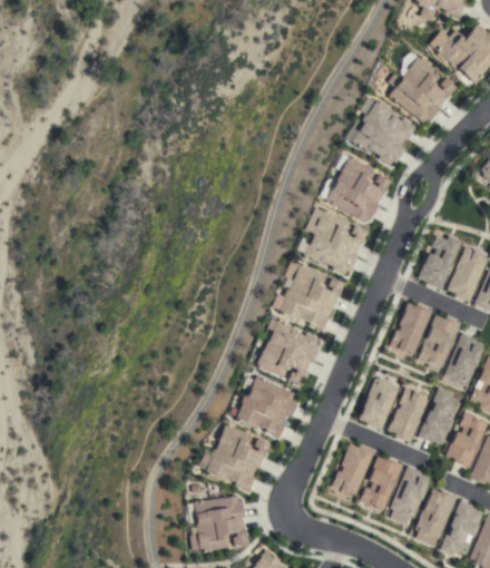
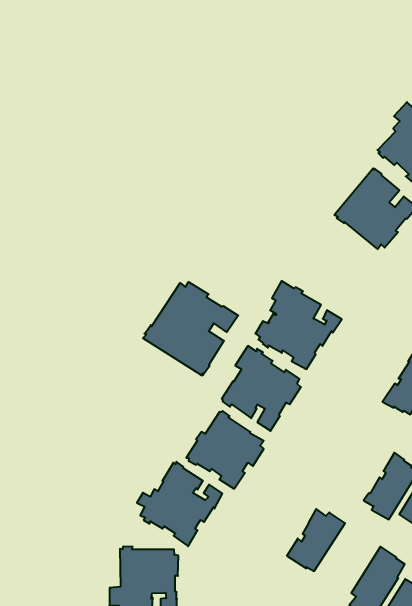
building: [304,207,369,275] -> none
building: none -> [143,282,238,376]
building: [360,378,400,431] -> none
building: [360,457,403,509] -> none

